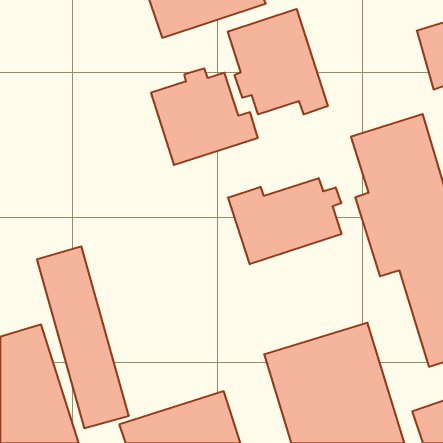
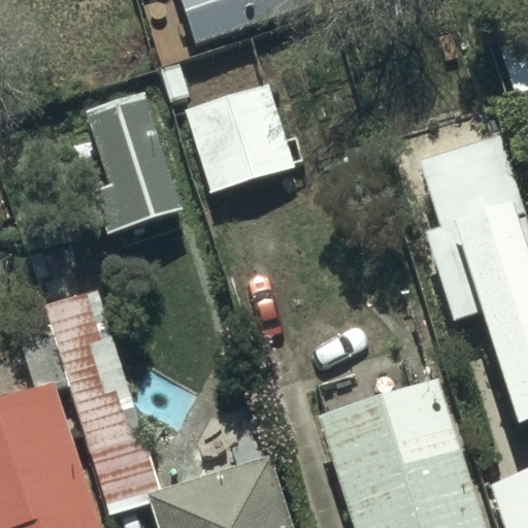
building: [228,9,328,114] -> none
building: none -> [85,88,180,234]
building: [228,178,341,264] -> none

